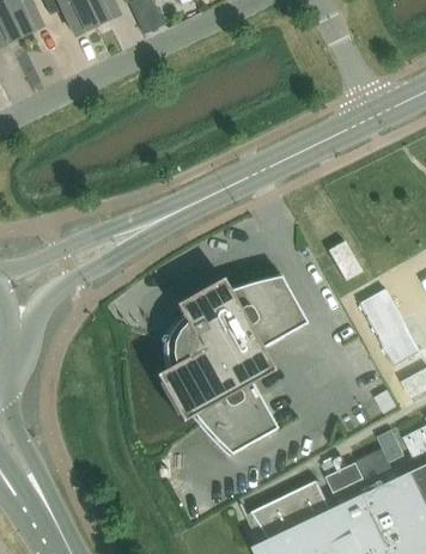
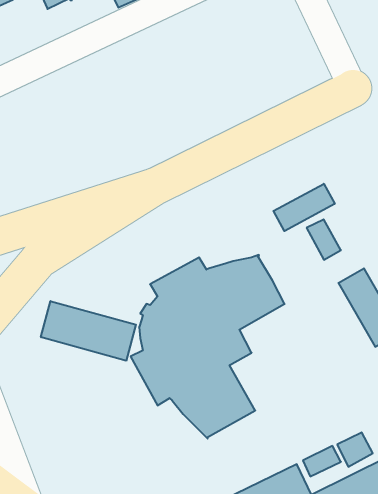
building: none -> [273,184,335,231]
building: none -> [41,301,136,361]

